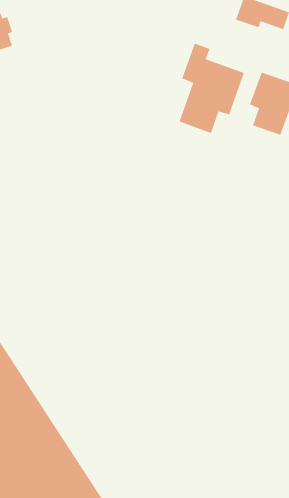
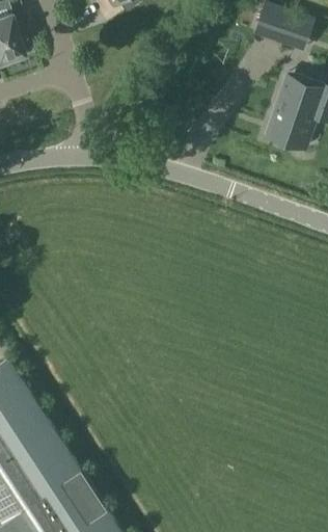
building: [179,43,245,134] -> none

